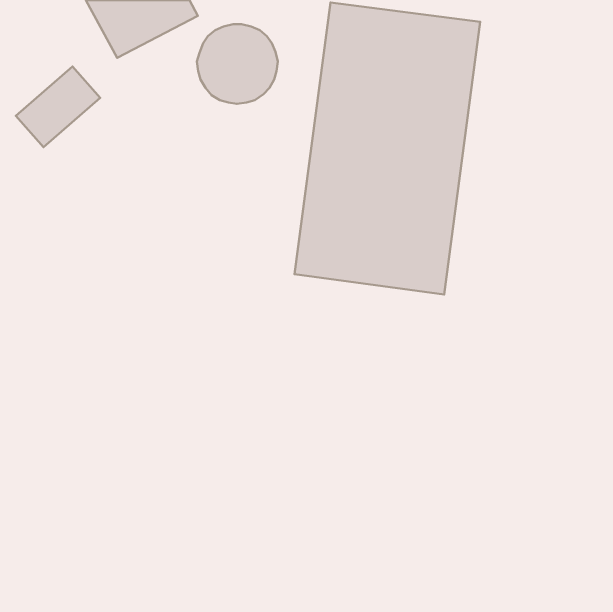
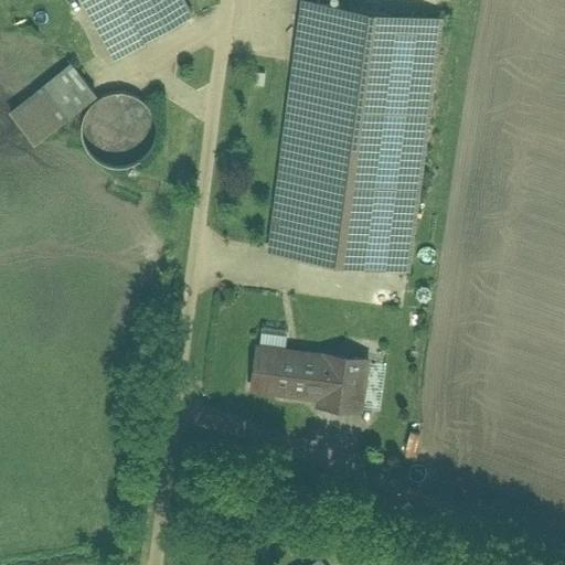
building: [197,24,278,104] -> [79,88,153,161]
building: none -> [253,338,372,411]

